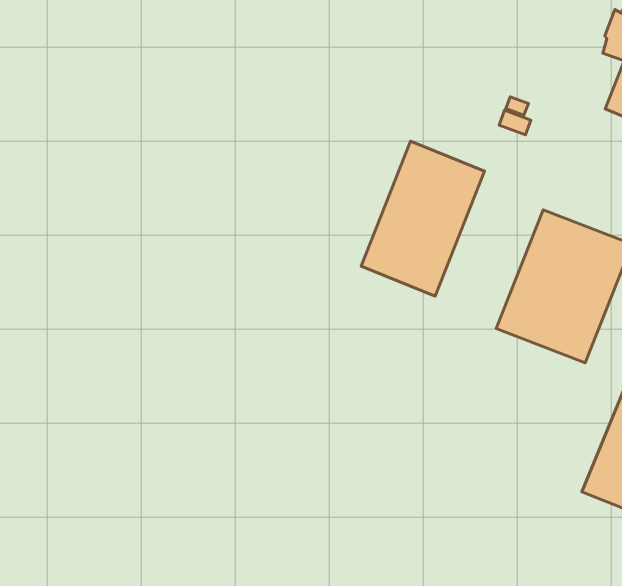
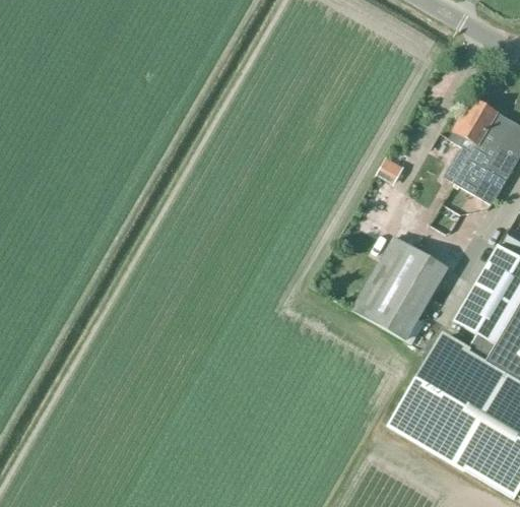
building: [361,141,484,296] -> none

